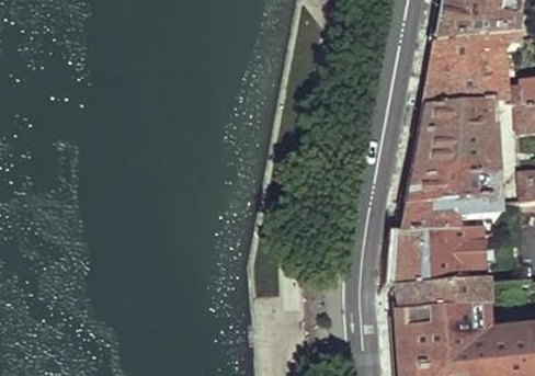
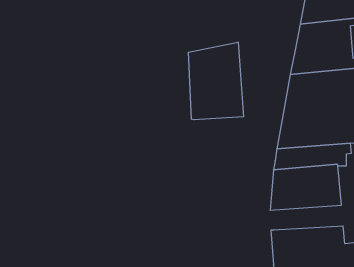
building: none -> [188,42,244,120]
building: [394,285,489,318] -> none

